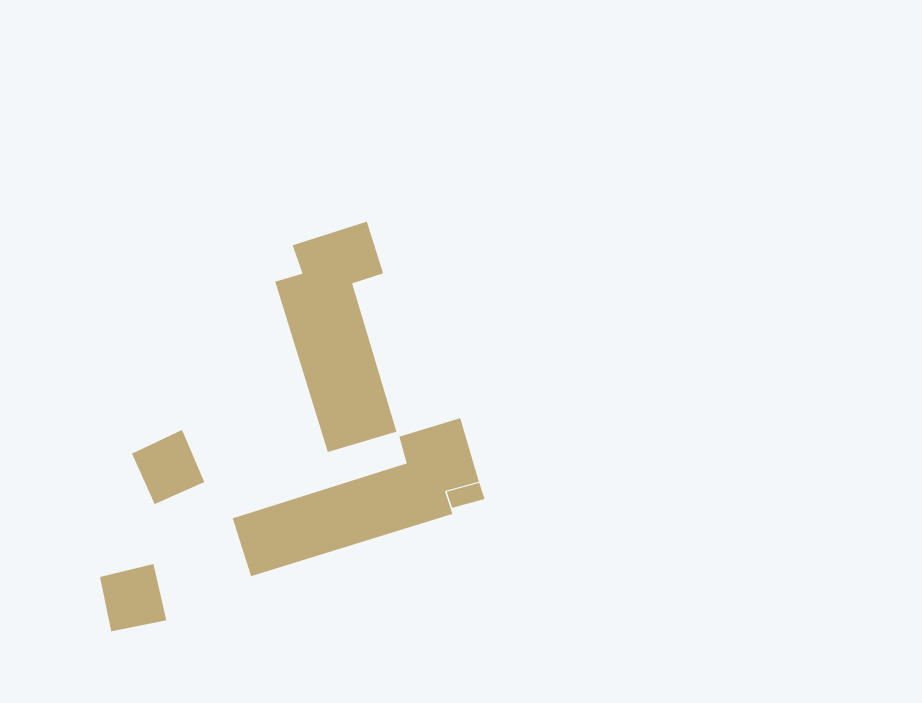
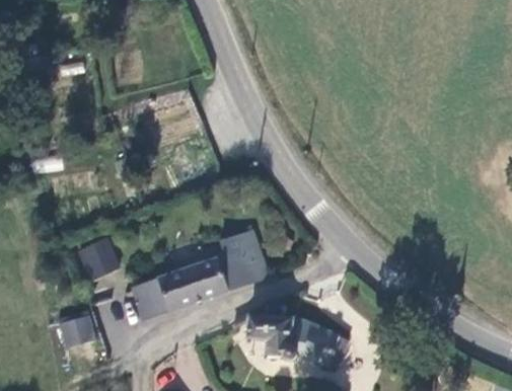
building: [275,221,397,453] -> none
building: none -> [244,313,348,369]

